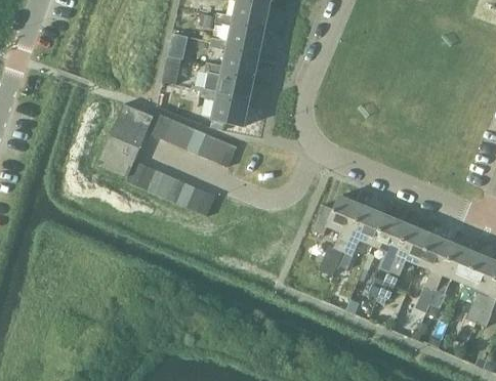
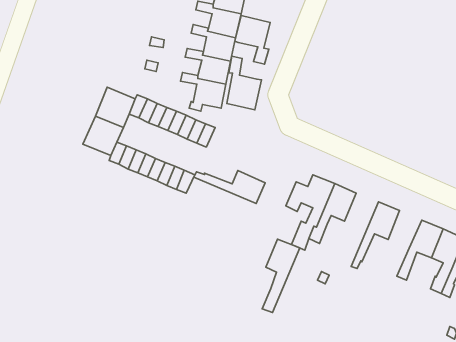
building: none -> [235,15,270,64]
building: none -> [227,56,262,110]
building: none -> [194,171,265,203]
building: [371,215,411,293] -> [262,239,300,313]
building: [416,234,457,312] -> none

